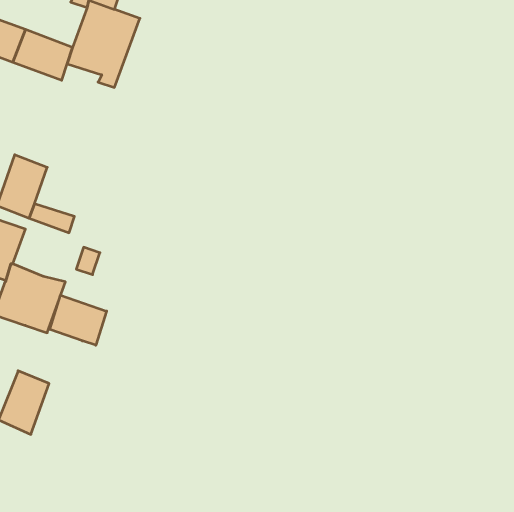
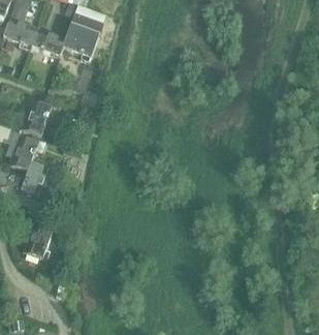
building: [50,295,107,345] -> none

